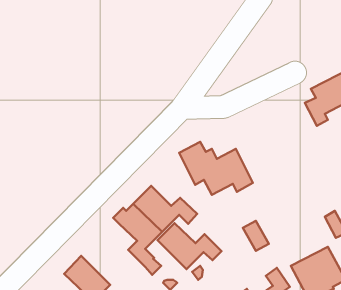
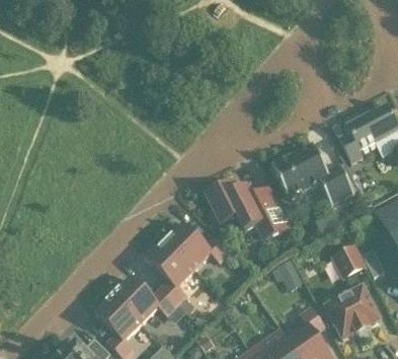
building: none -> [272,144,353,204]
building: none -> [331,245,364,278]
building: [158,223,221,269] -> [112,277,177,324]

